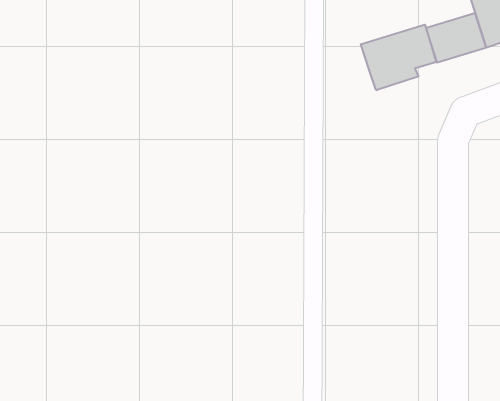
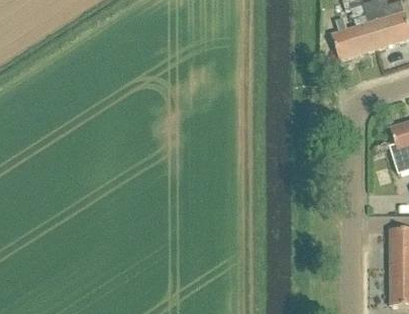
building: [361,25,436,90] -> none

